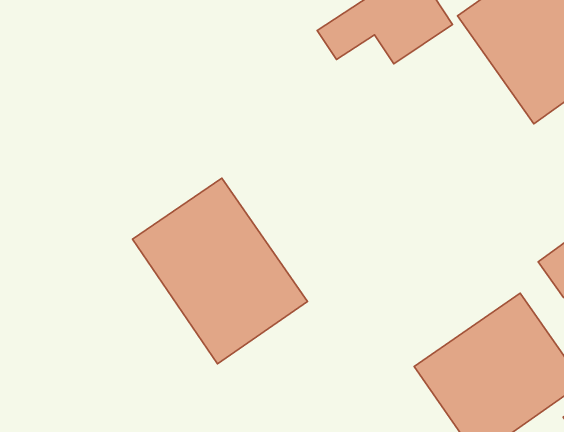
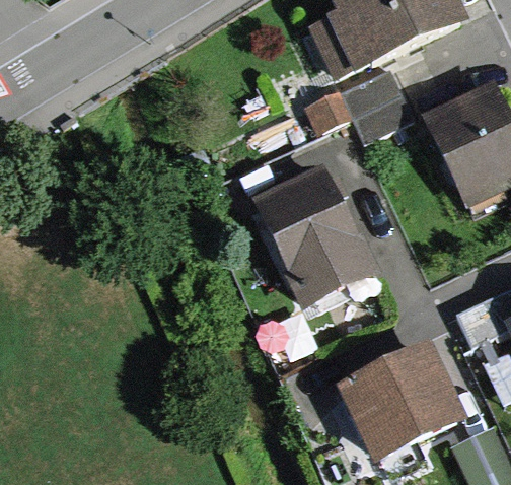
building: none -> [250,165,375,306]
building: [133,178,307,364] -> none

